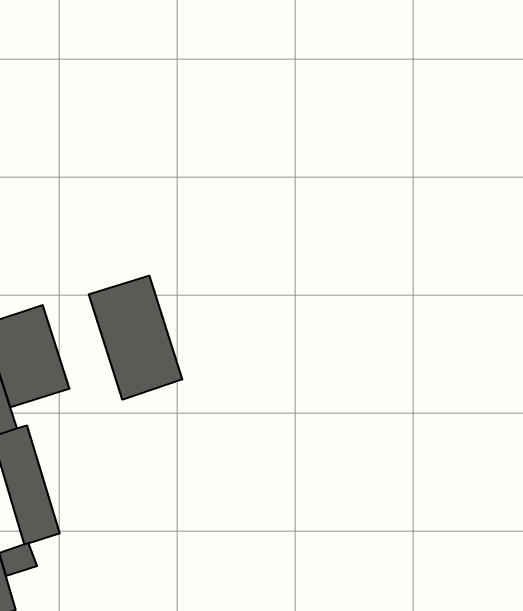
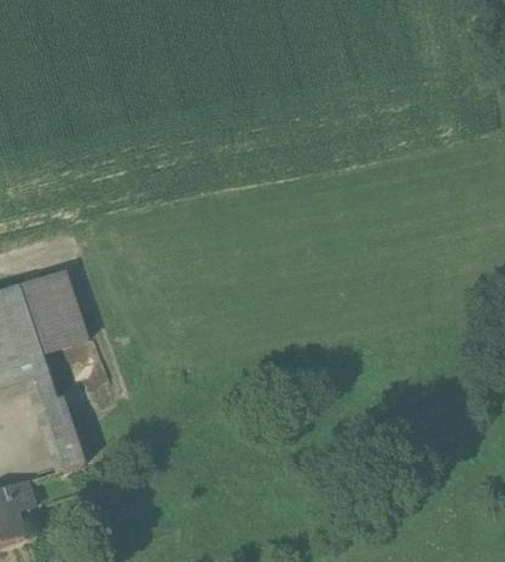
building: [89,276,182,400] -> none

